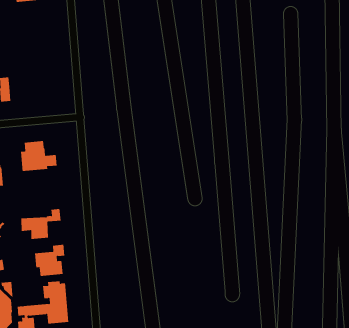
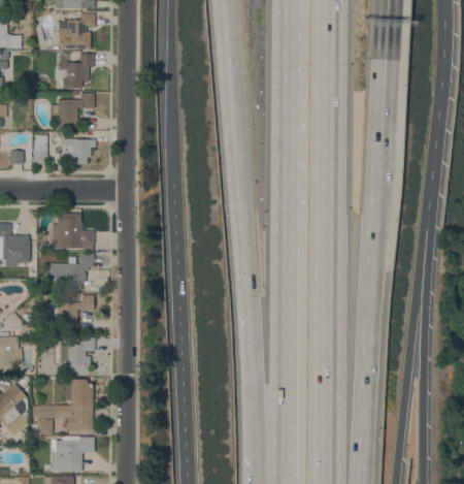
building: none -> [55,54,95,89]
building: none -> [52,93,95,128]
building: none -> [62,138,96,165]
building: none -> [49,253,94,290]

